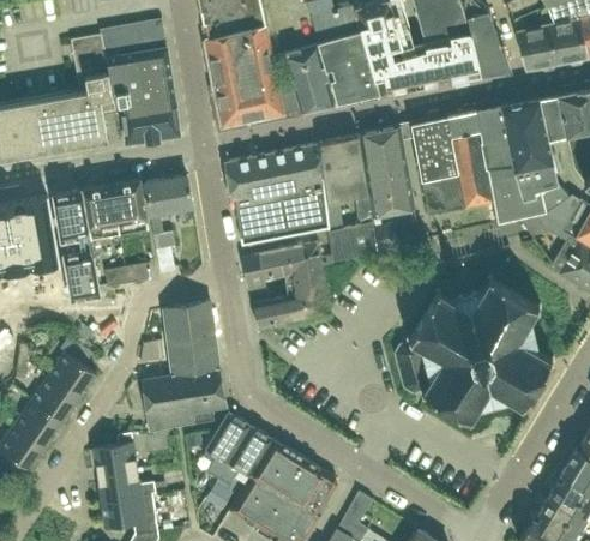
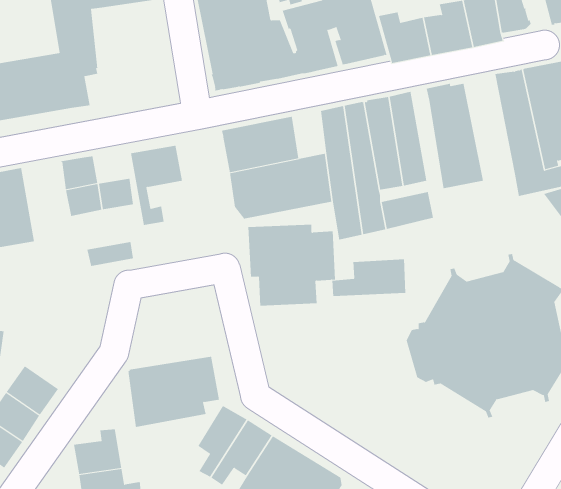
building: [109,49,179,145] -> none
building: [447,112,493,209] -> none
building: [291,145,321,188] -> none
building: [110,181,144,211] -> none
building: [54,191,86,240] -> none
building: [65,251,98,300] -> none
building: none -> [332,259,406,297]
building: [163,301,218,375] -> none
building: [48,338,96,398] -> none

